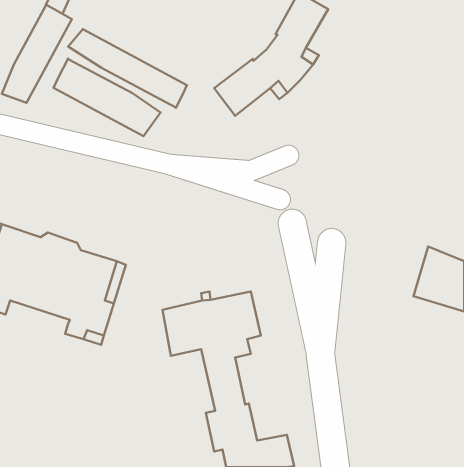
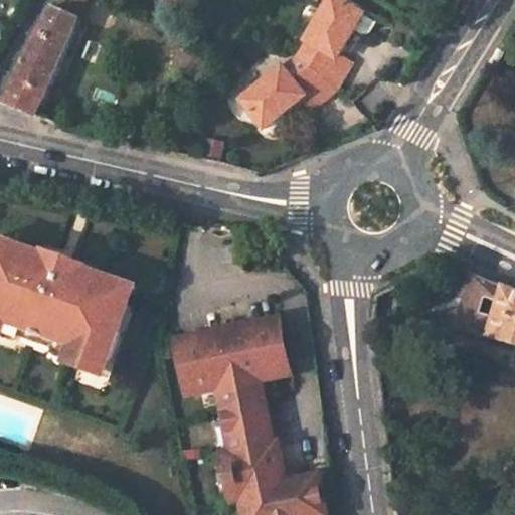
building: [68,29,187,108] -> none
building: [53,59,161,136] -> none

